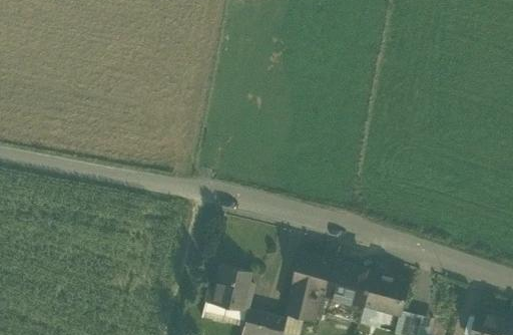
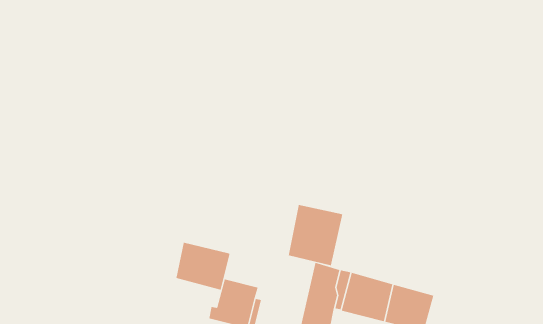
building: none -> [288,204,343,266]
building: none -> [176,242,230,291]

